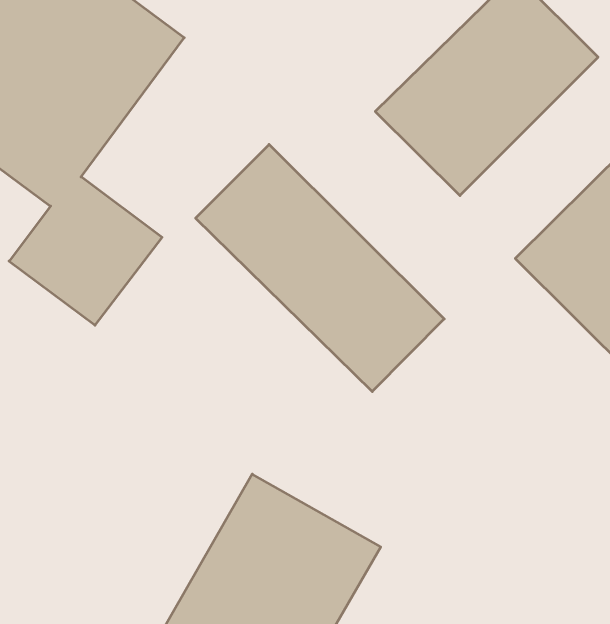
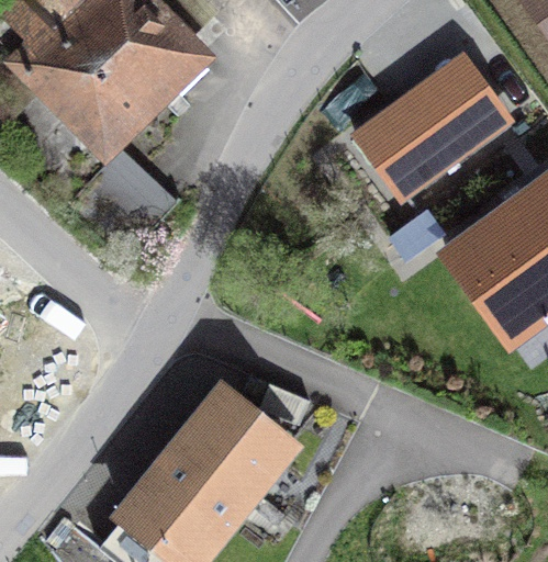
building: [196,144,444,392] -> none

